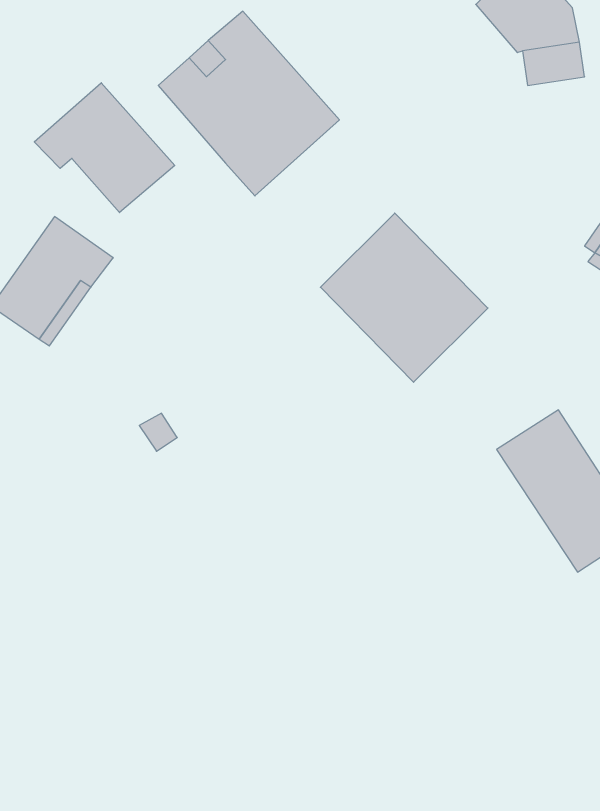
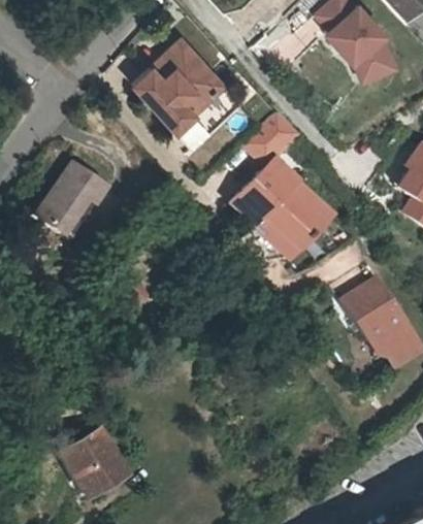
building: [34,83,175,213] -> none
building: none -> [246,110,299,164]
building: none -> [61,427,124,491]

